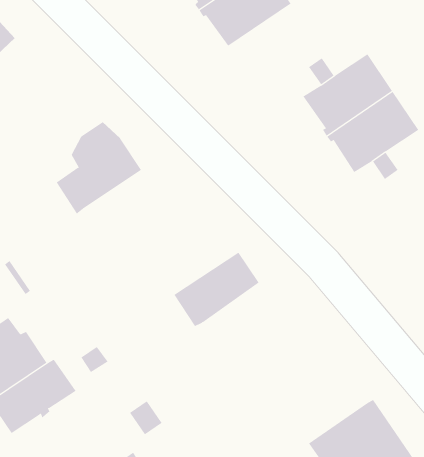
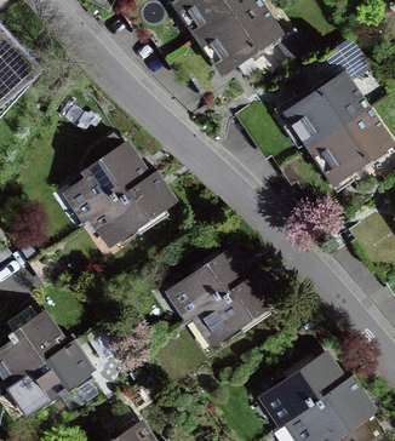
building: none -> [95,173,171,240]
building: none -> [199,273,274,339]
building: none -> [267,355,342,420]

